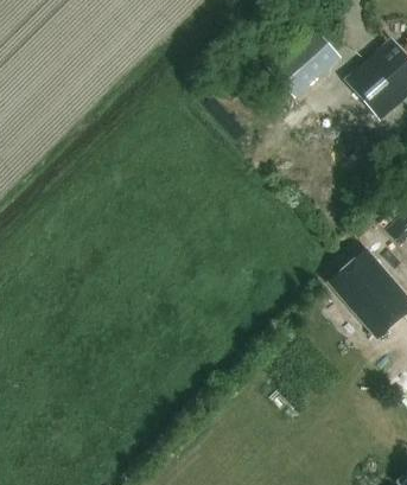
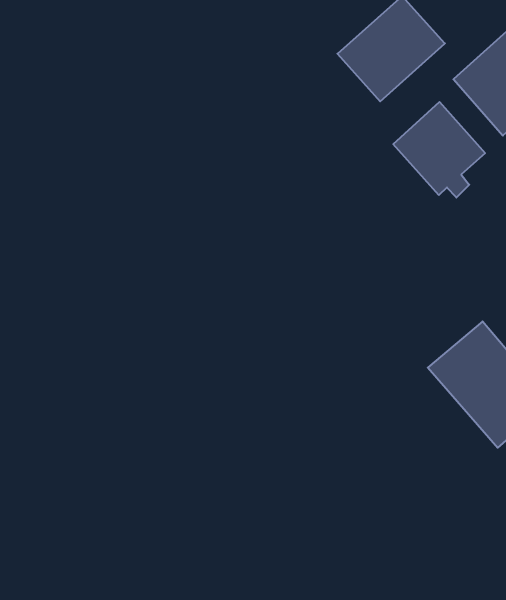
building: none -> [393,102,485,198]

